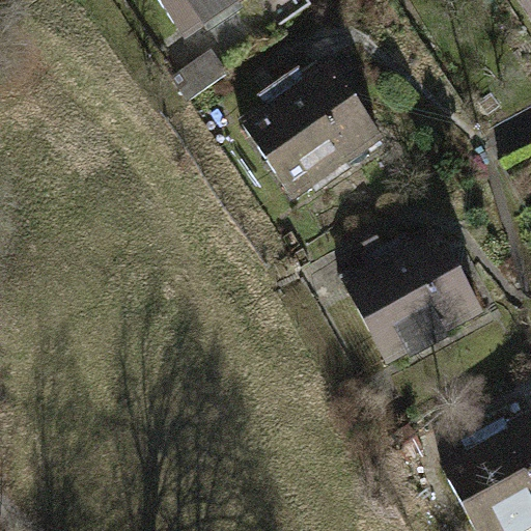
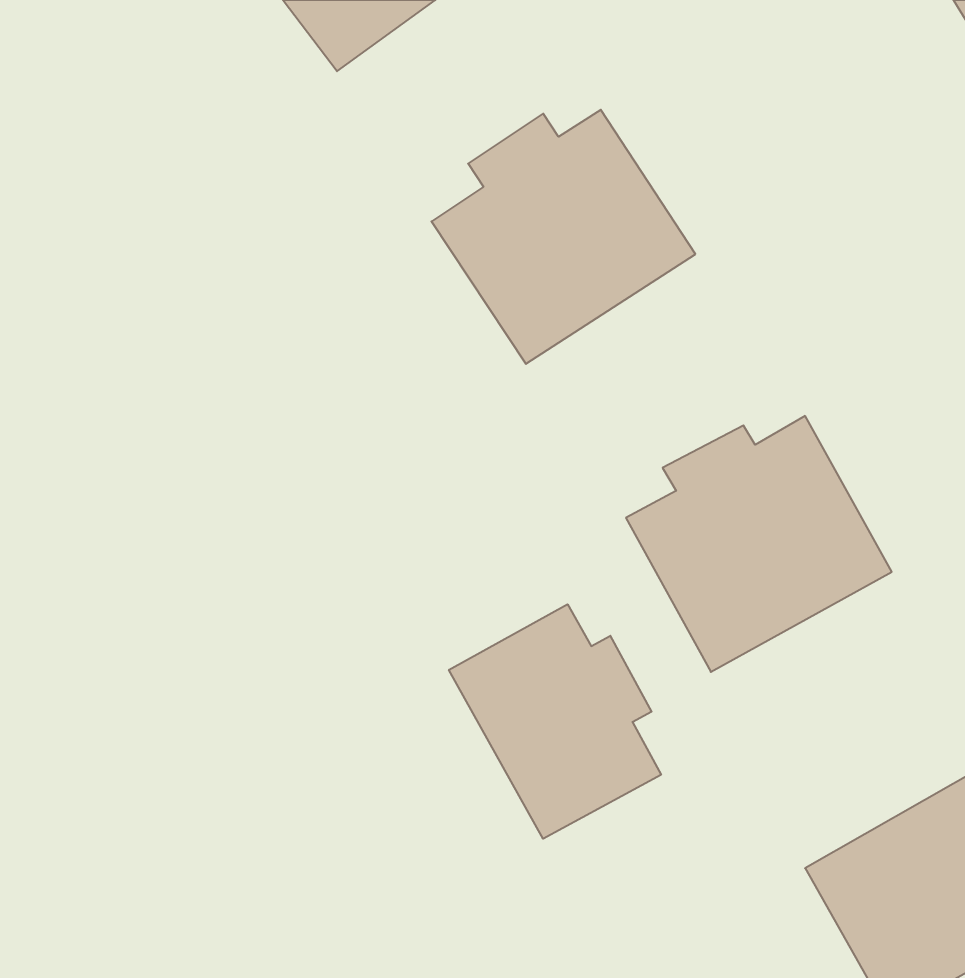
building: none -> [449,604,661,839]

